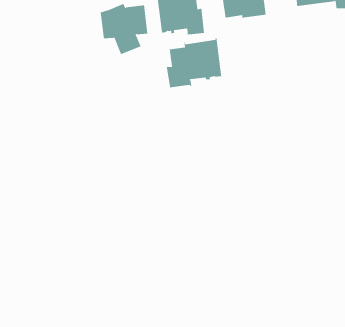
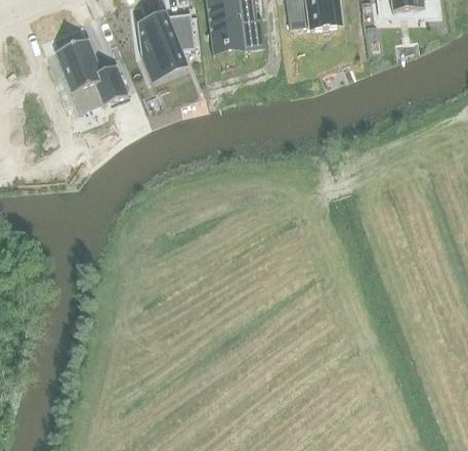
building: none -> [54,37,127,112]
building: [166,37,222,88] -> none

